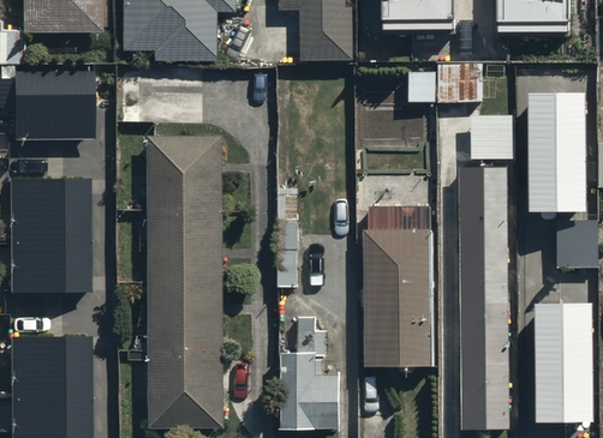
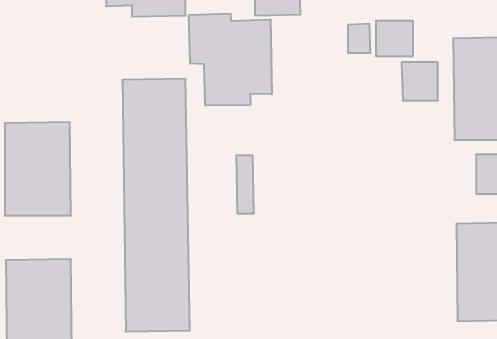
building: none -> [189,14,272,106]
building: [12,77,86,140] -> none
building: [459,164,509,427] -> none
building: [363,226,434,364] -> none
building: [277,317,339,430] -> none

